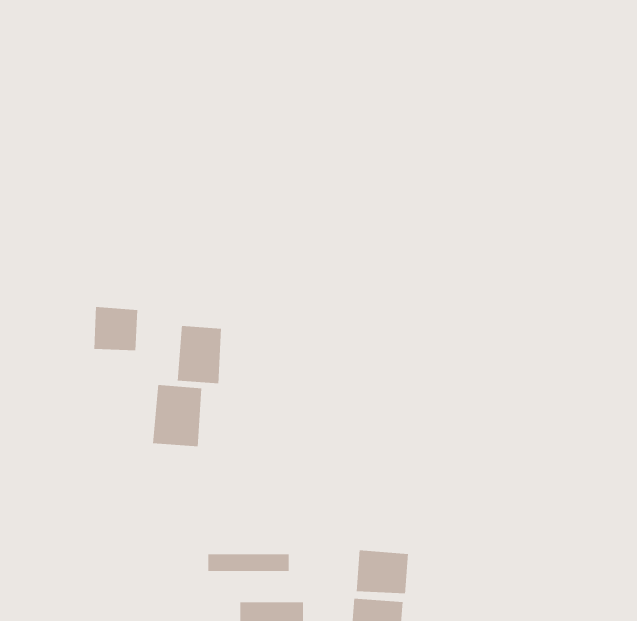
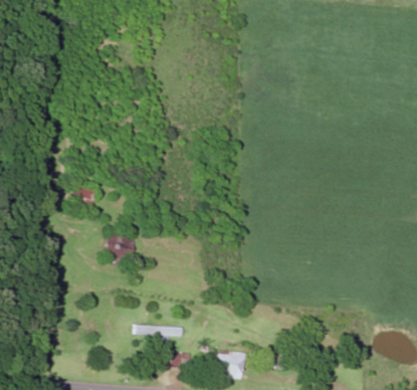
building: [177,325,222,384] -> none
building: [356,549,409,594] -> none

